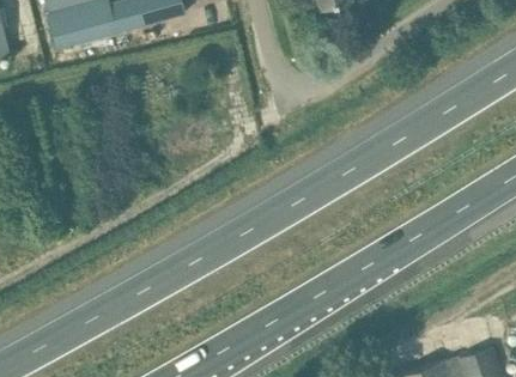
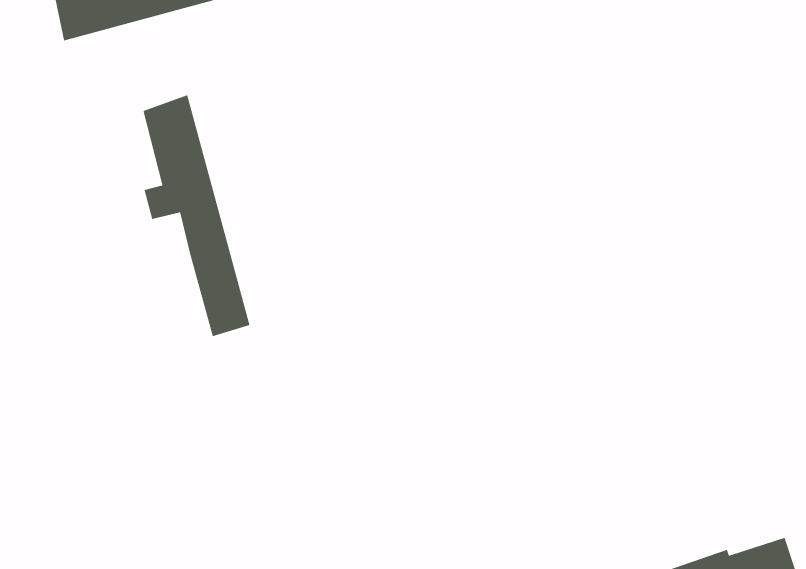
building: none -> [143,94,250,337]

